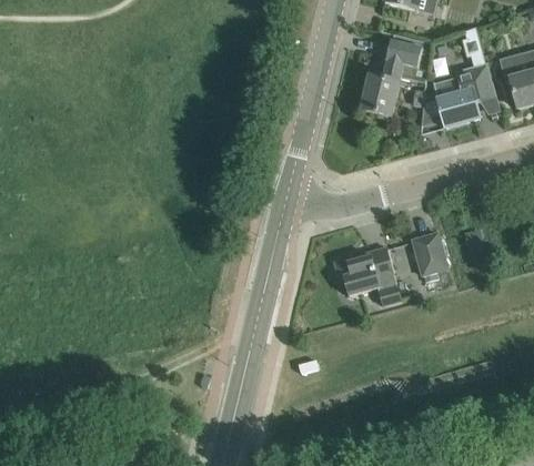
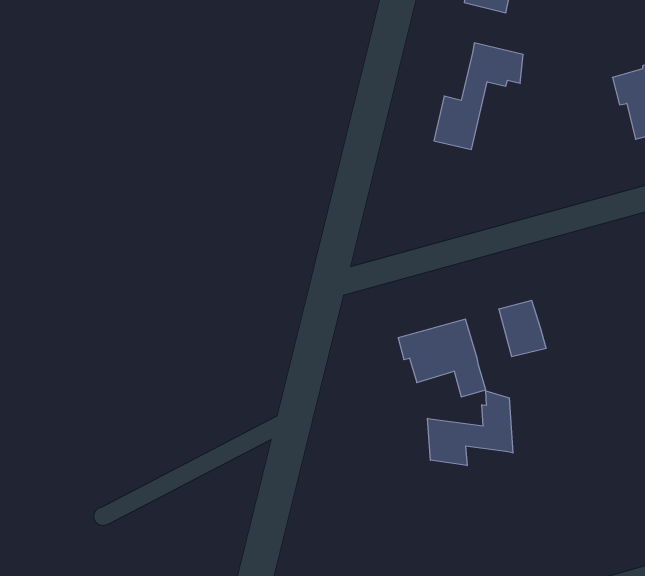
building: [434,26,495,128] -> none
building: none -> [428,391,513,466]

